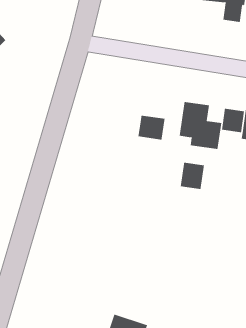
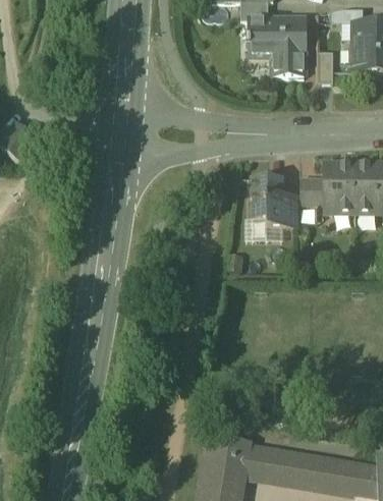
building: [138,115,165,140] -> none
building: [180,162,205,190] -> none

